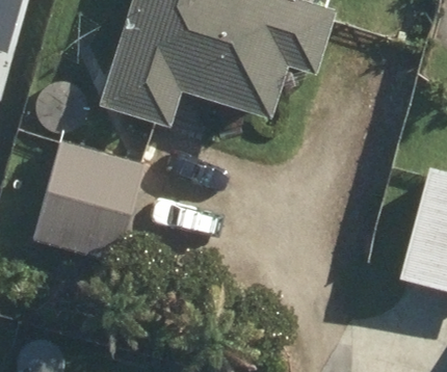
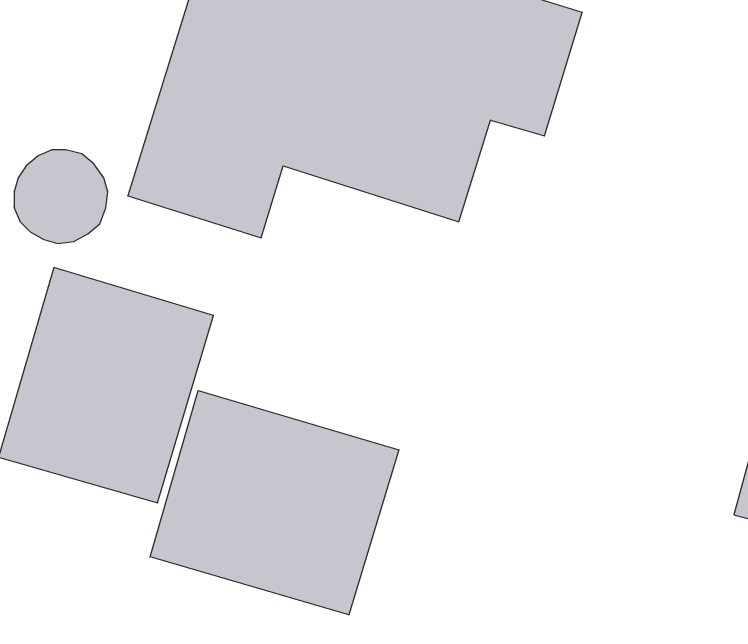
building: none -> [150,391,399,615]

